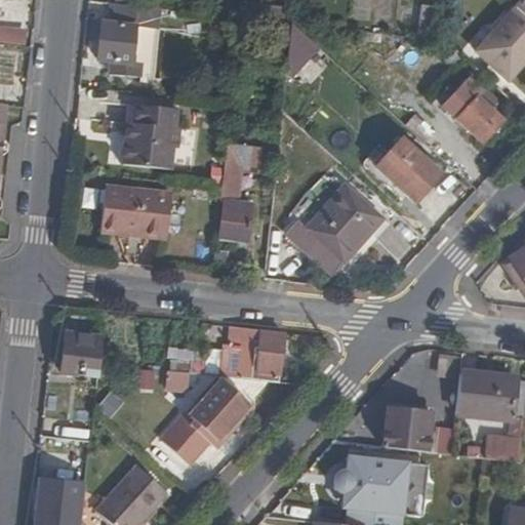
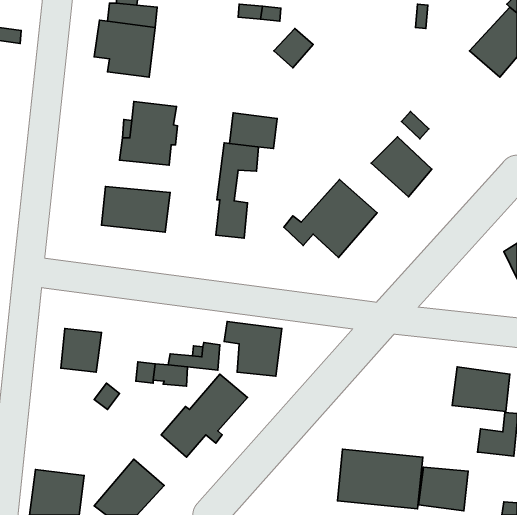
building: [441,74,499,138] -> none
building: none -> [229,113,277,148]
building: [381,407,432,451] -> [418,467,468,511]

